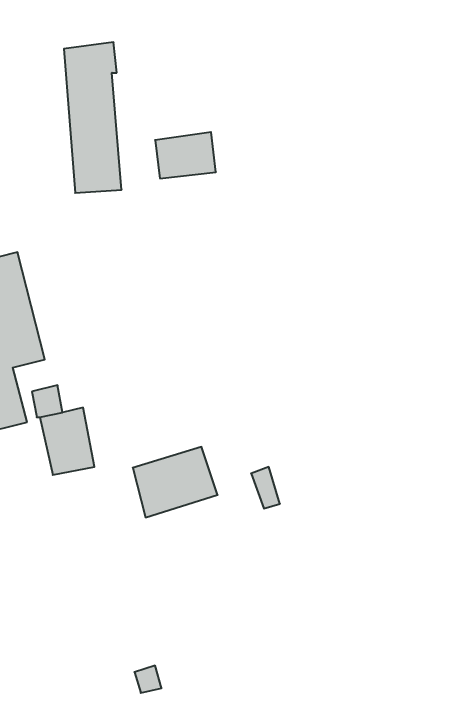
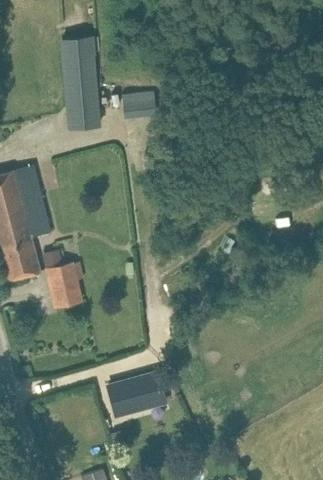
building: [133,447,218,517] -> [112,372,165,416]

